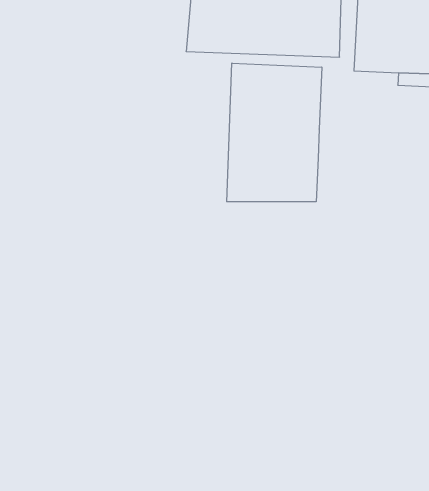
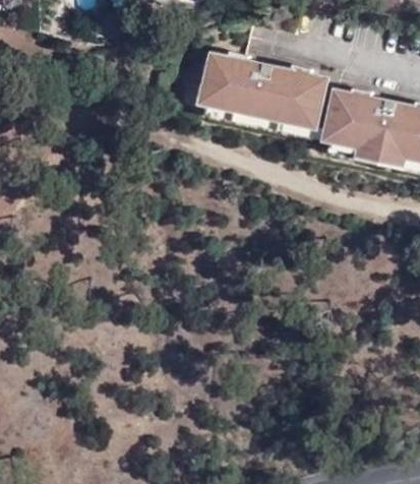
building: [227,63,322,202] -> none

